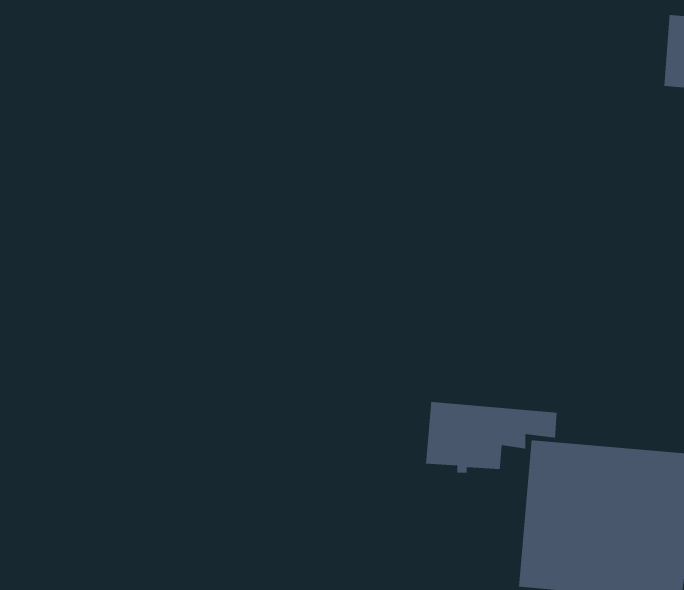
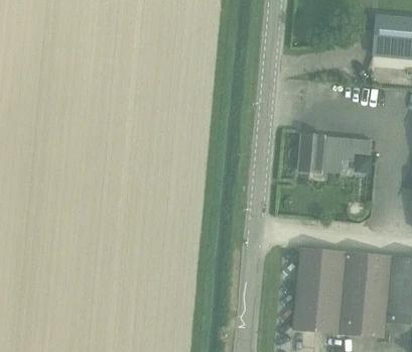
building: [425,401,558,473] -> [299,134,372,173]

